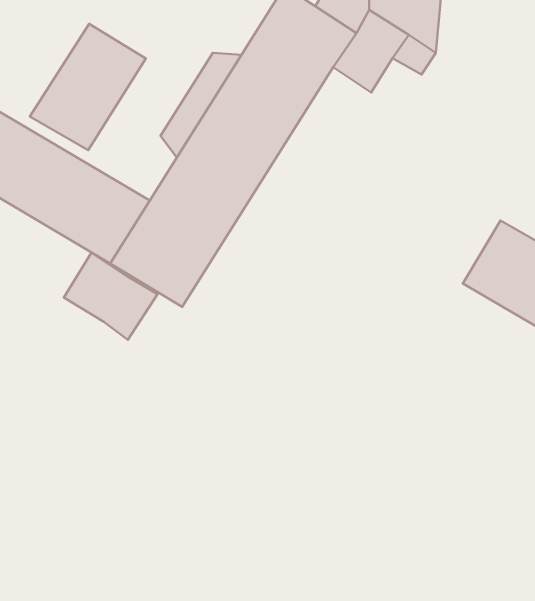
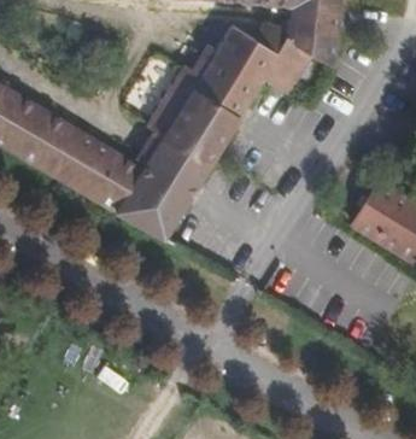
building: [30,24,146,150] -> none
building: [64,253,157,340] -> none

